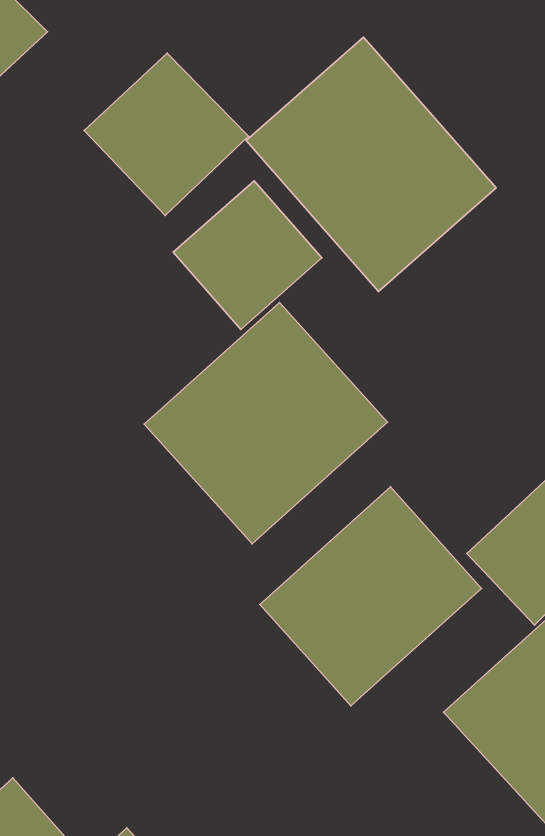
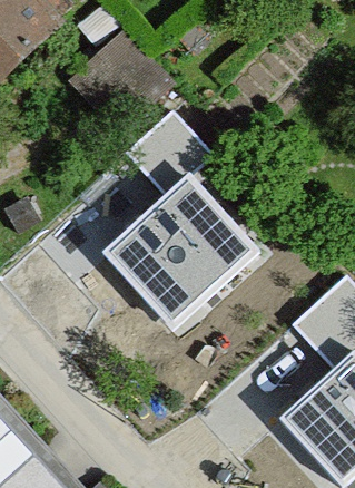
building: [246,37,496,291] -> none
building: [260,487,481,706] -> none

